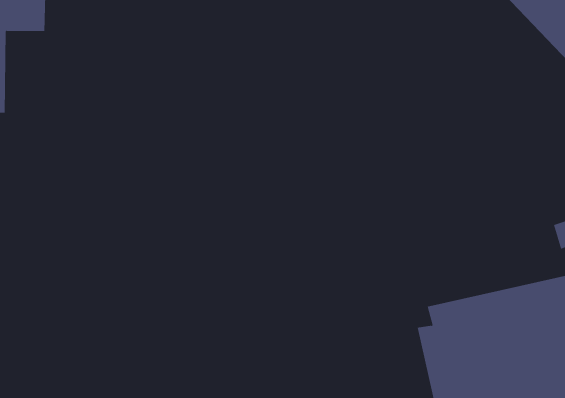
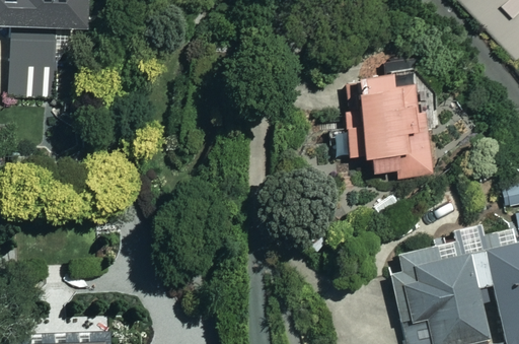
building: none -> [333,74,433,179]

